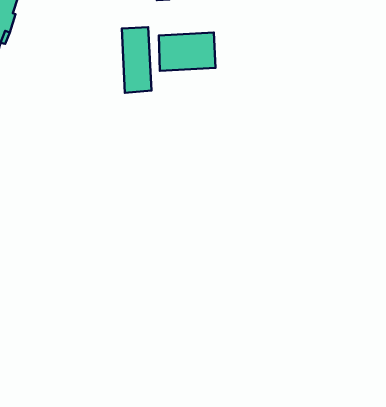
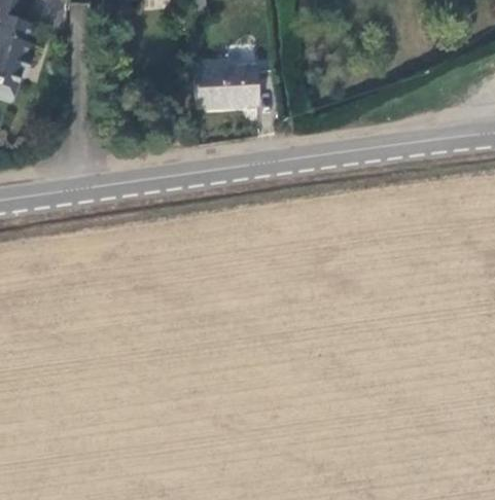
building: [122,27,151,93] -> none

